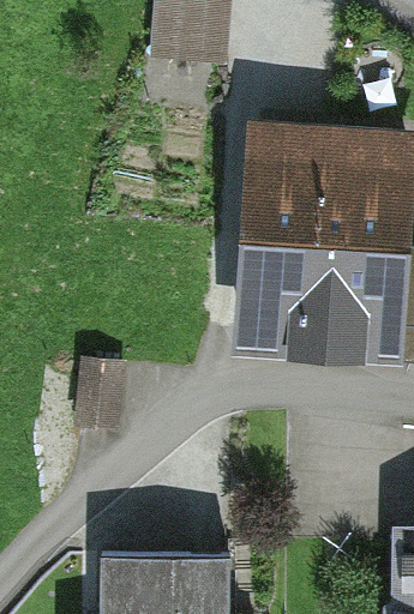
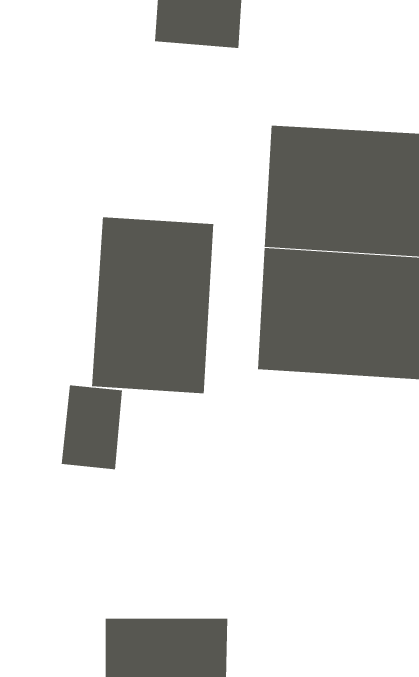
building: none -> [92,216,214,394]

